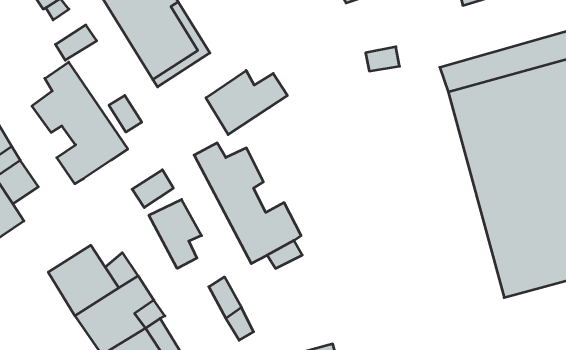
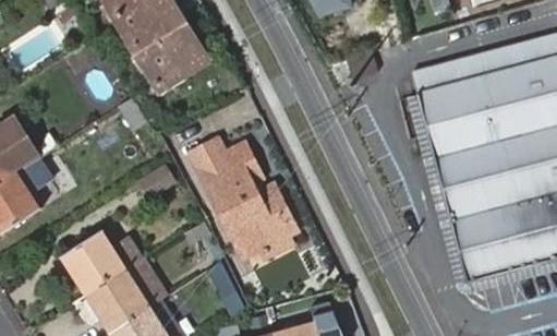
building: [32,62,128,184] -> none
building: [206,70,287,135] -> none
building: [149,199,202,268] -> none

